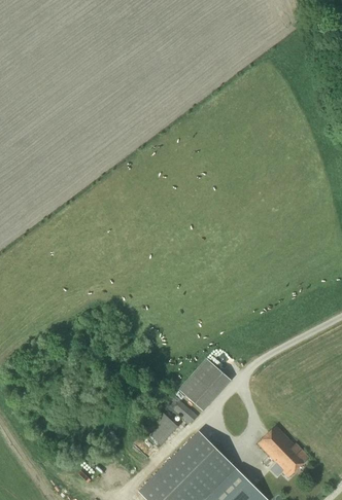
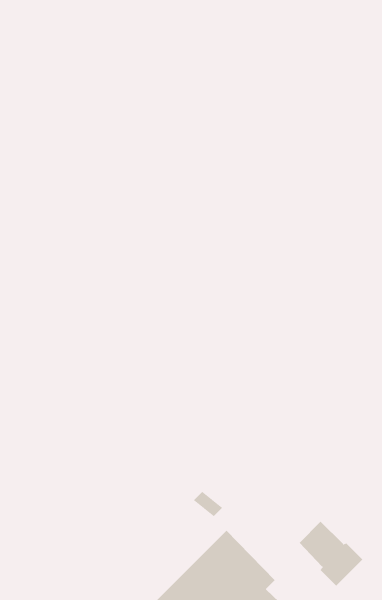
building: [178,358,231,410] -> none
building: [145,412,178,445] -> none

